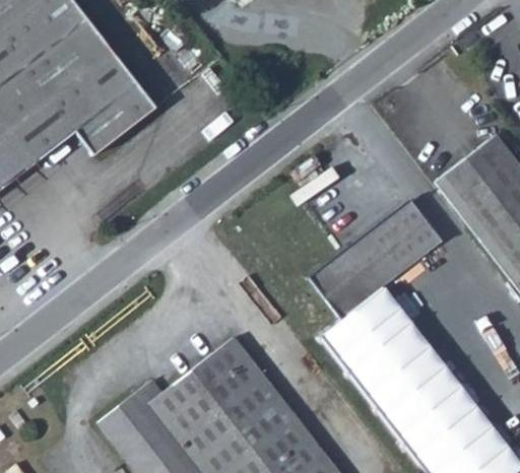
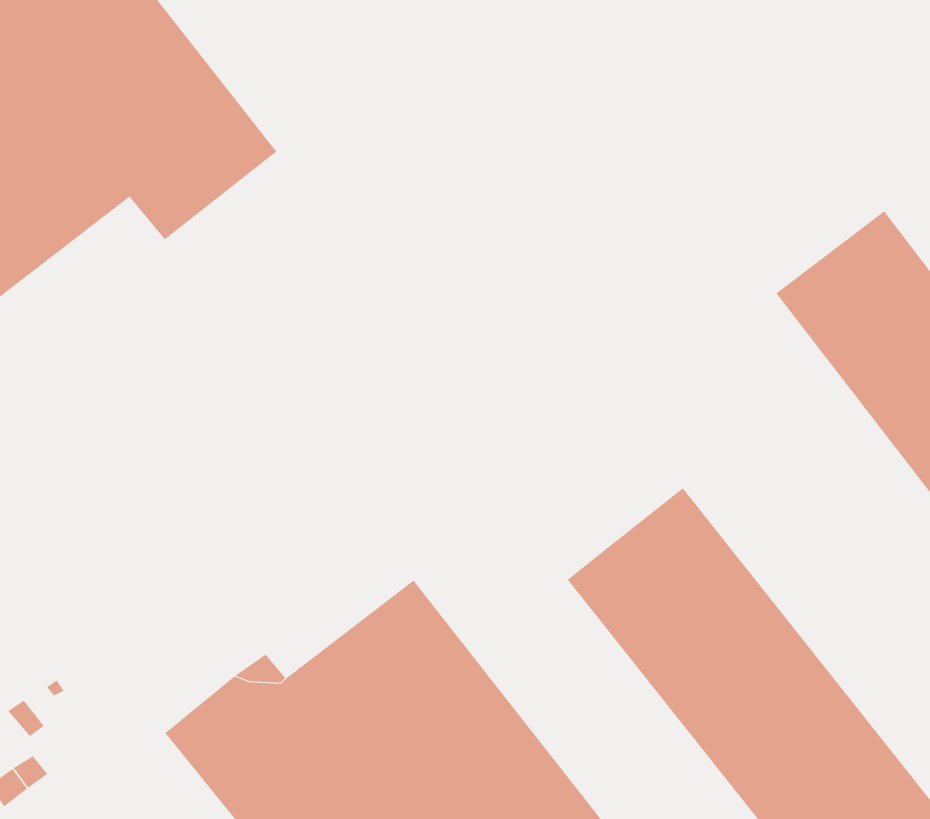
building: [312,199,443,318] -> none

